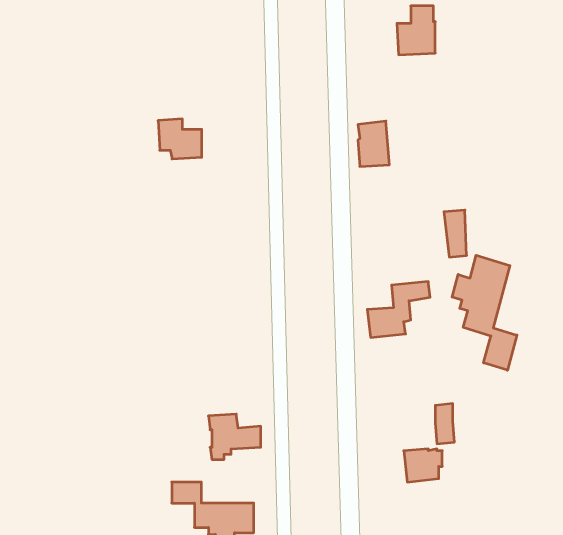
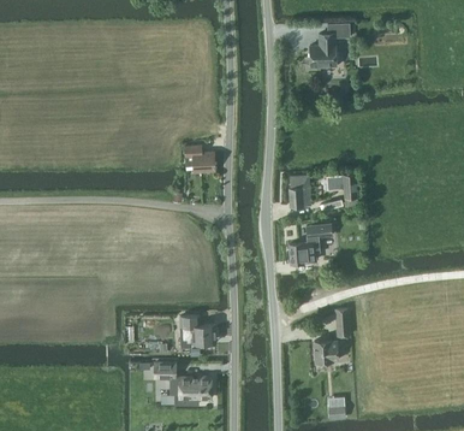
building: [158,119,202,159] -> [184,144,214,172]
building: [358,121,389,166] -> [288,175,310,206]
building: [452,255,517,370] -> none

